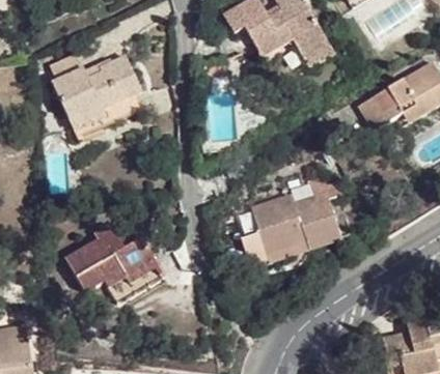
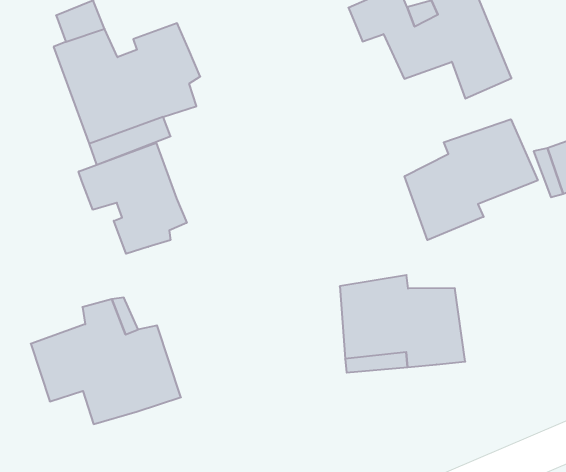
building: none -> [405,119,538,240]
building: none -> [79,143,187,254]

